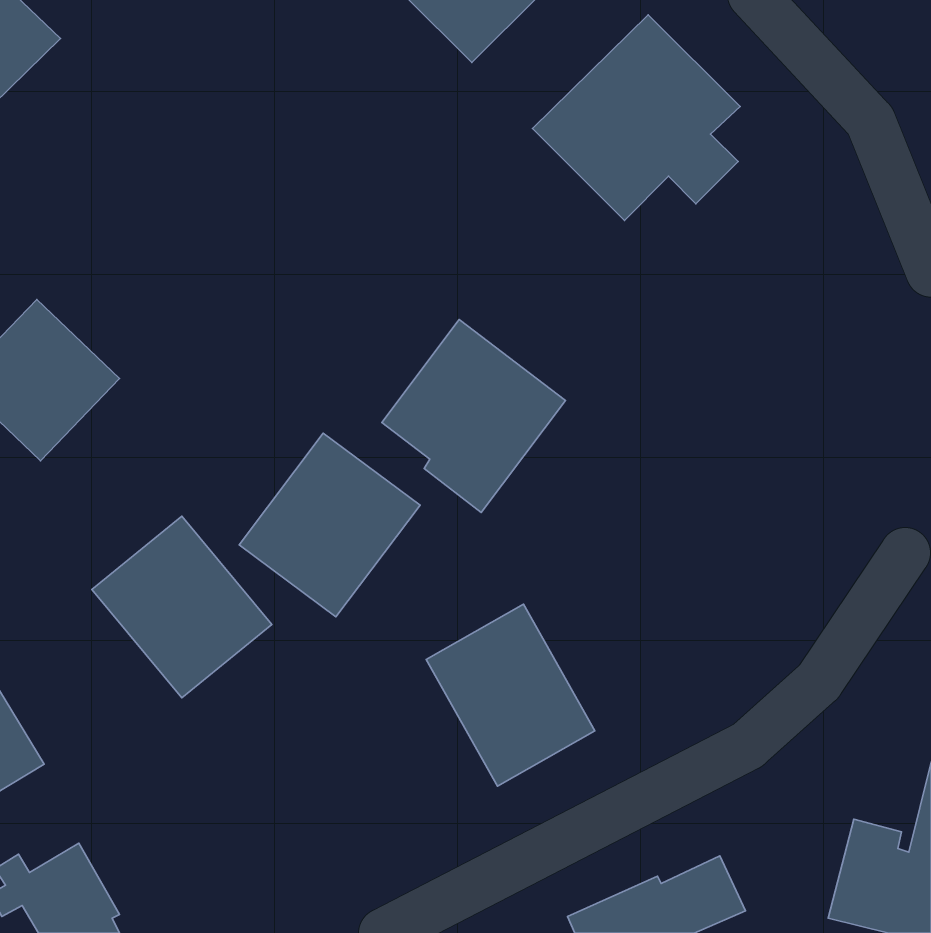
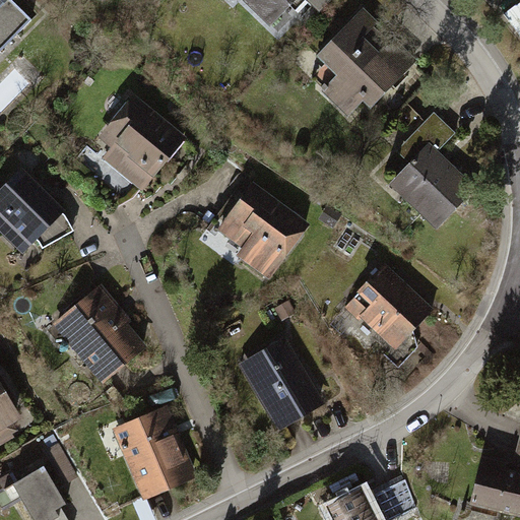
building: none -> [92,87,192,191]
building: none -> [380,111,470,234]
building: [239,433,420,617] -> none
building: none -> [341,261,438,364]
building: none -> [108,405,201,506]

